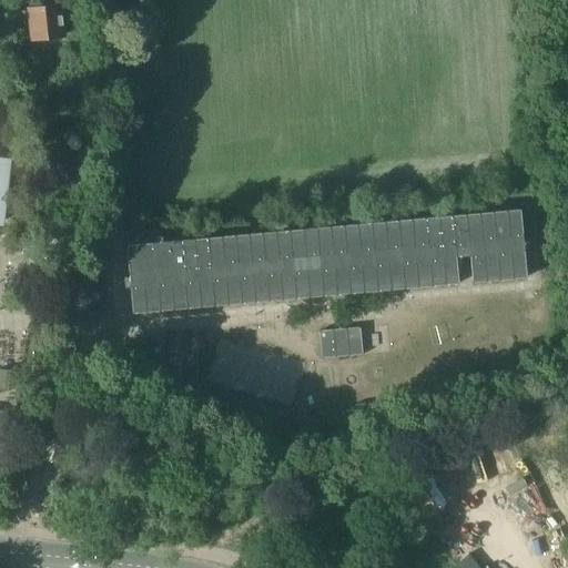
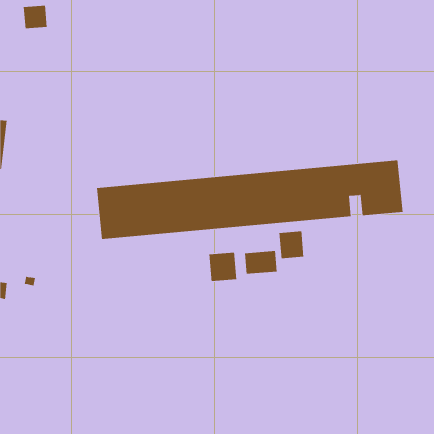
building: none -> [279,231,304,259]
building: none -> [209,252,237,282]

